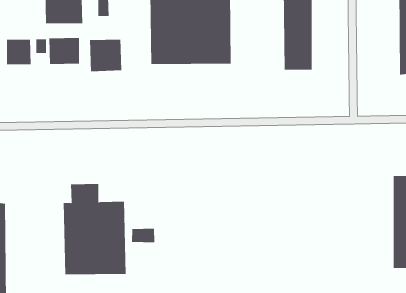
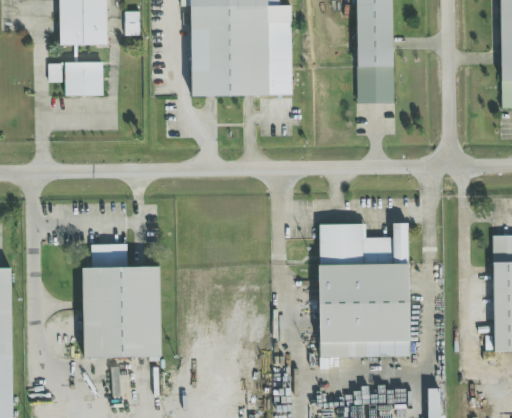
building: [6,39,31,65] -> none
building: [90,39,122,72] -> none
building: none -> [318,222,410,356]
building: [131,228,155,243] -> none

